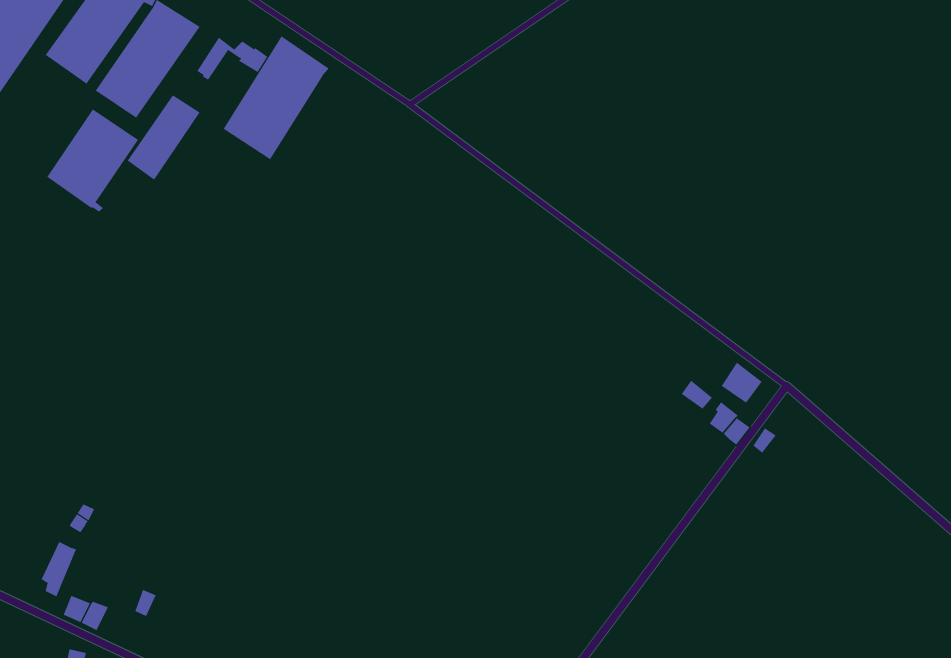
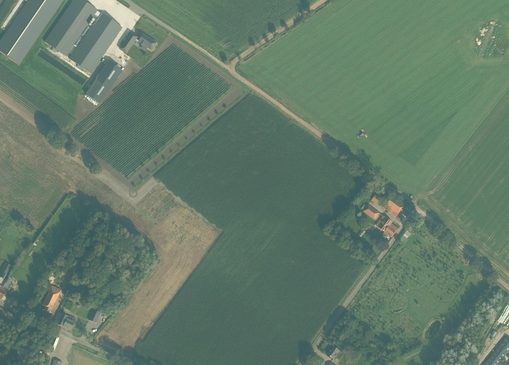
building: [223,35,330,160] -> none
building: [46,108,139,213] -> none

